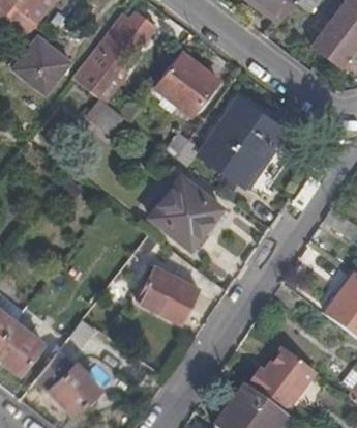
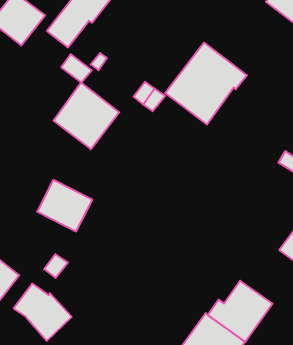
building: [154,52,216,114] -> none
building: [149,177,220,250] -> [54,83,119,149]
building: [137,268,197,324] -> [37,180,92,231]

